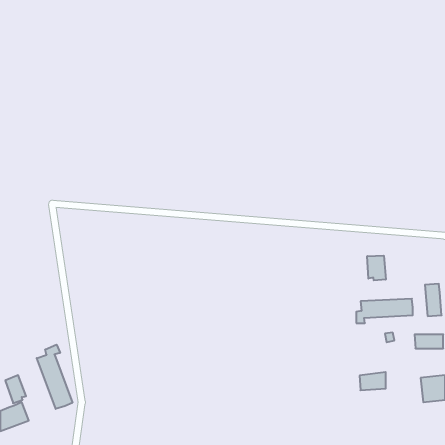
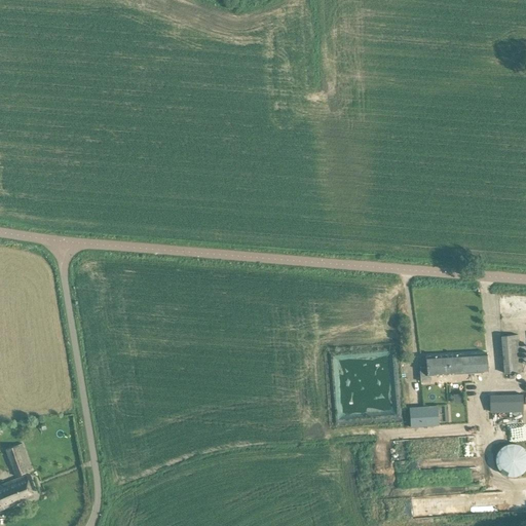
building: [367,256,386,280] -> none
building: [37,345,72,409] -> none
building: [360,372,386,390] -> [408,406,439,427]

